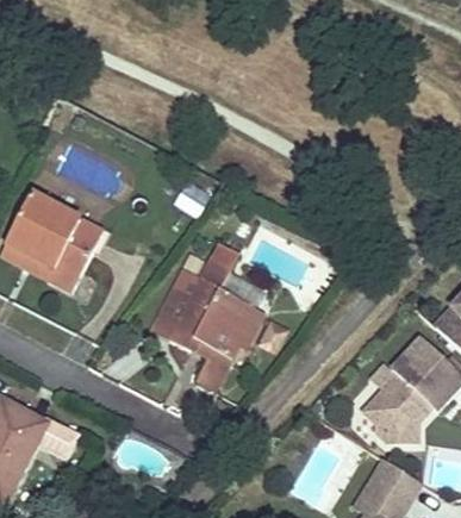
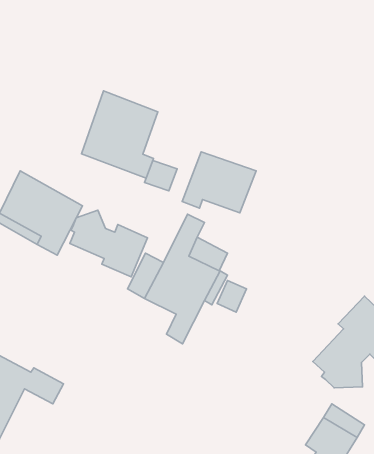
building: none -> [82,91,158,178]
building: none -> [182,152,256,213]
building: none -> [70,210,148,277]

